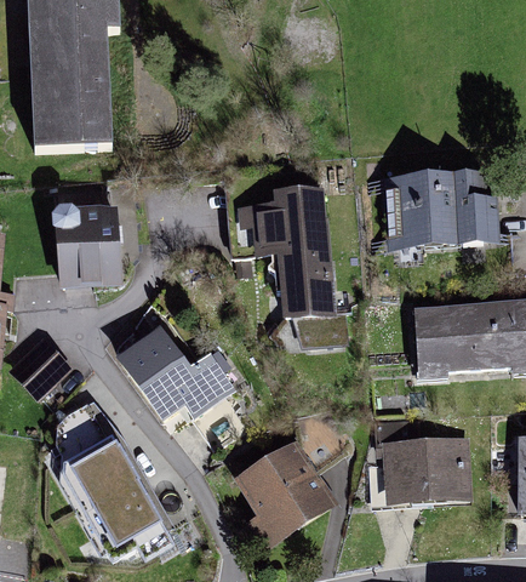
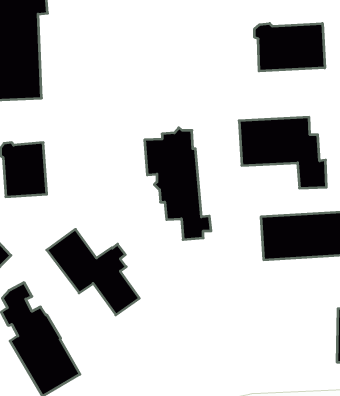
building: none -> [255,23,325,71]
building: [370,418,464,497] -> none
building: [241,445,326,531] -> none

